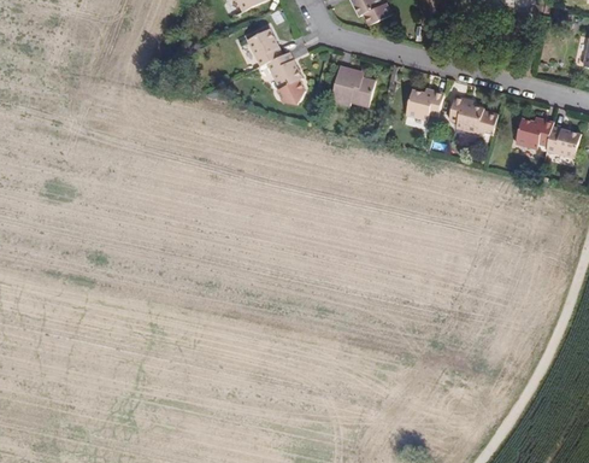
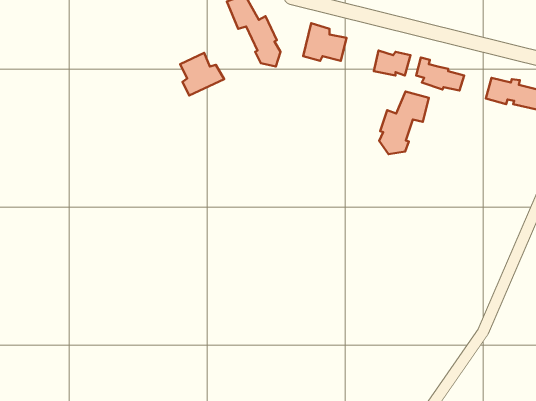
building: none -> [180,53,224,95]
building: none -> [379,92,429,154]

